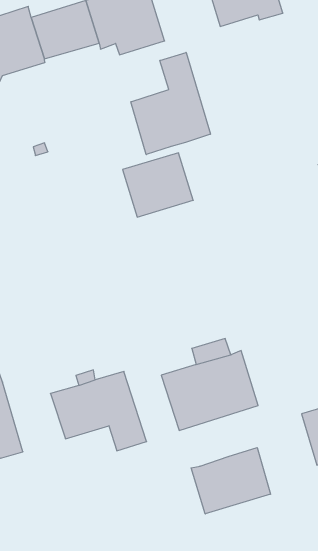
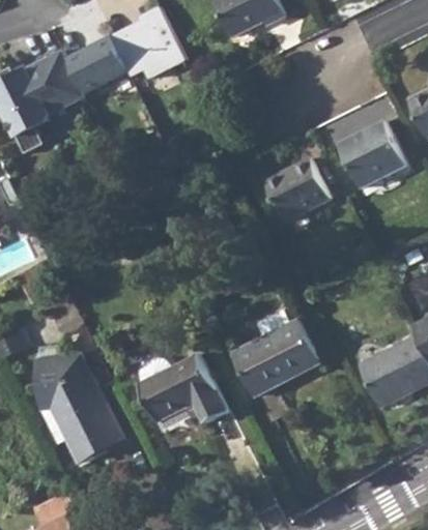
building: [131,52,210,155] -> none
building: [123,153,193,217] -> [263,158,330,220]
building: [191,448,271,514] -> none

